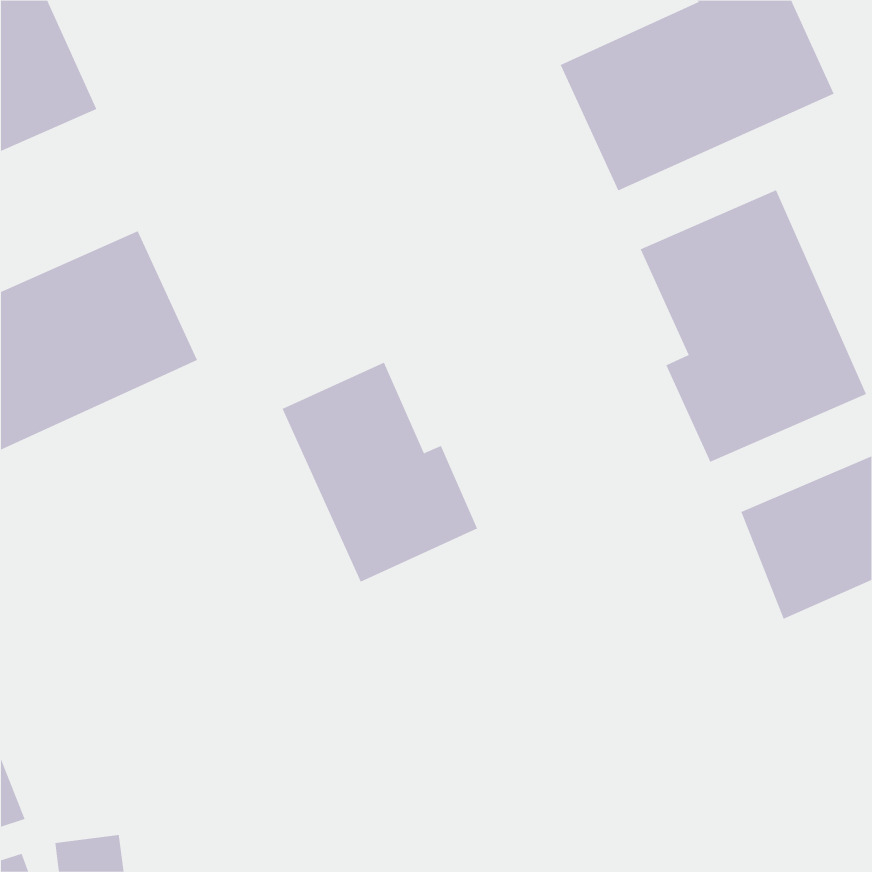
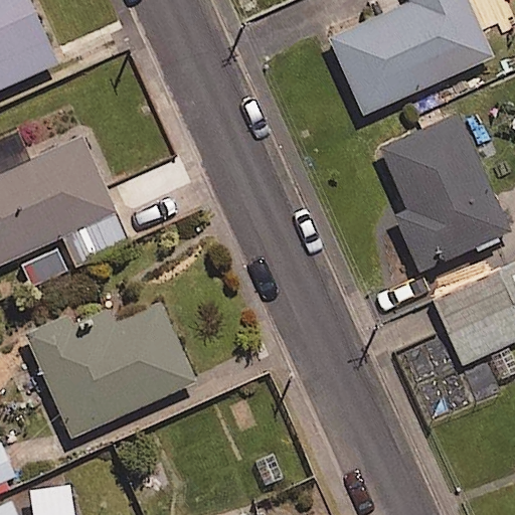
building: [282,362,478,583] -> none
building: none -> [25,304,193,437]

